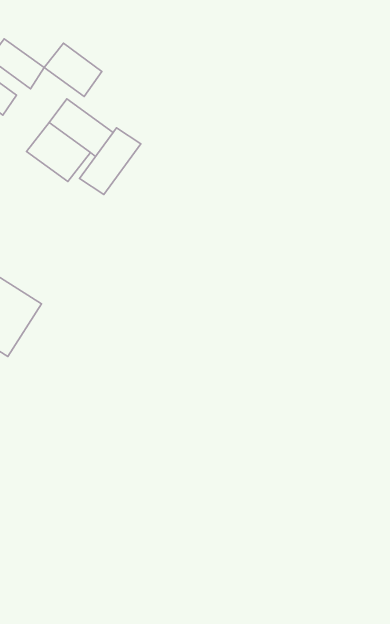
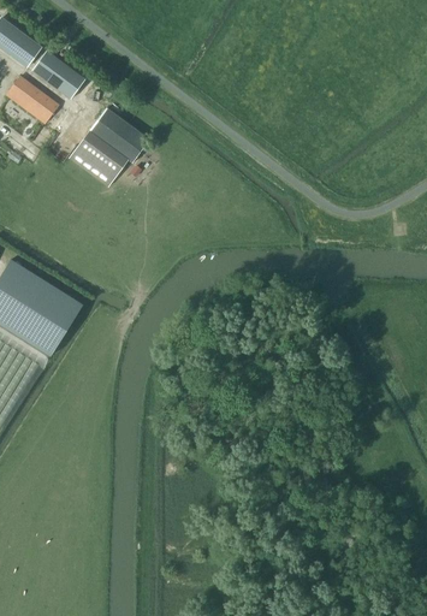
building: [44,43,102,97] -> none
building: [79,128,141,194] -> none

